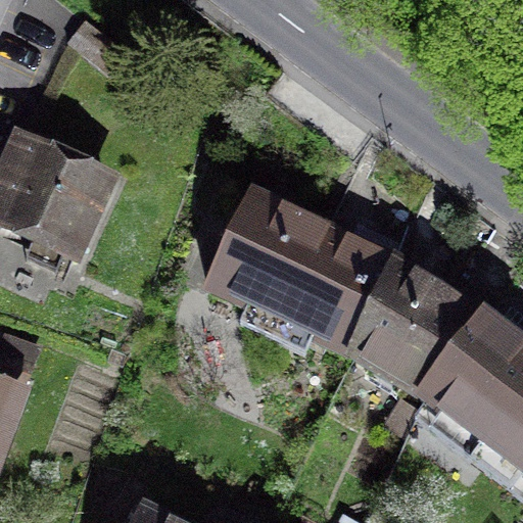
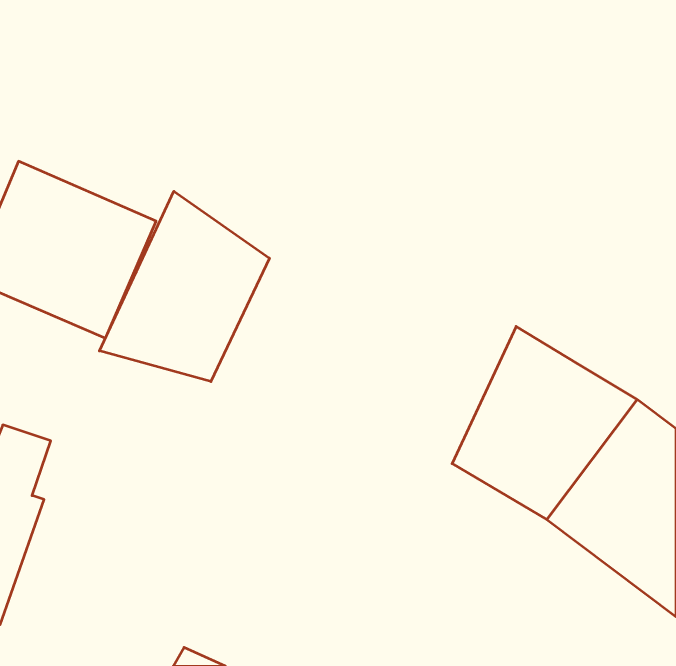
building: none -> [99,191,269,382]
building: [203,184,395,355] -> none

